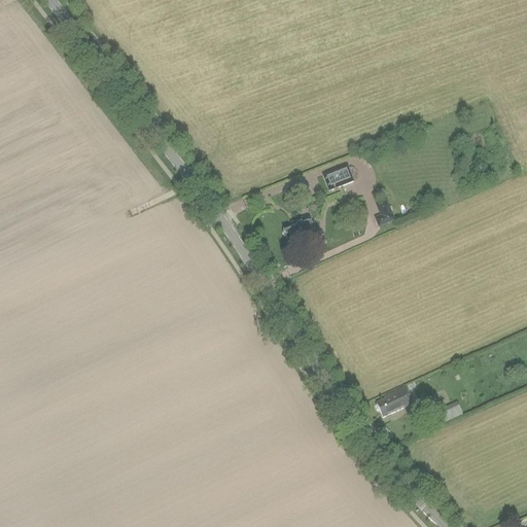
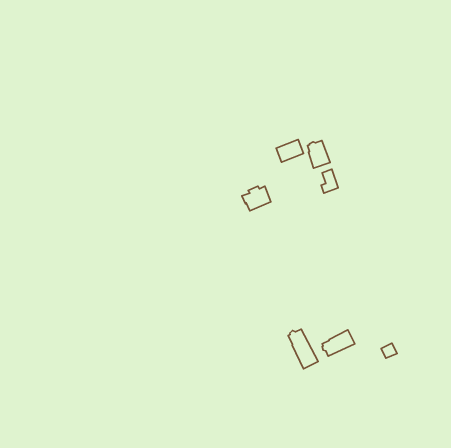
building: none -> [307,141,330,168]
building: none -> [288,329,318,369]

